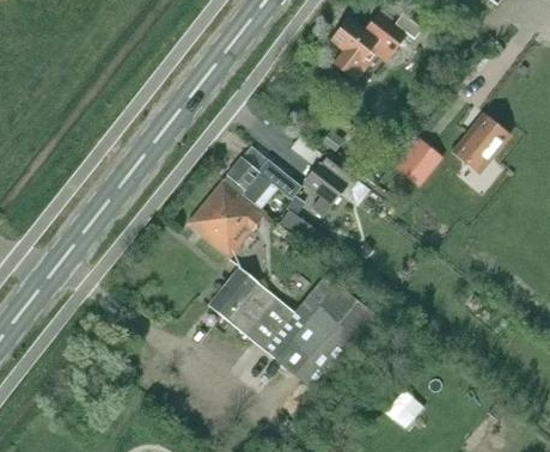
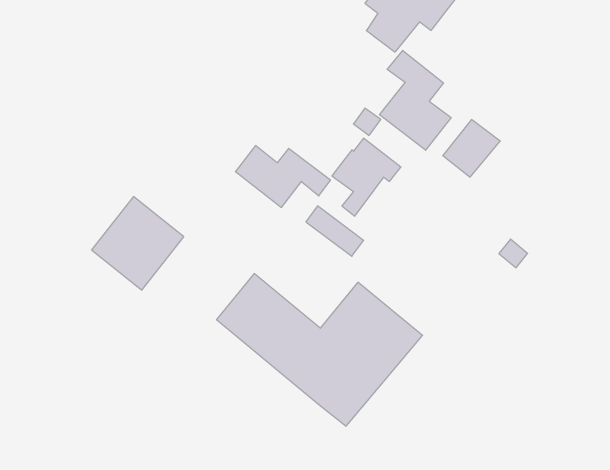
building: none -> [380,50,451,150]
building: [453,112,508,170] -> none
building: [188,179,264,257] -> [92,197,184,290]

